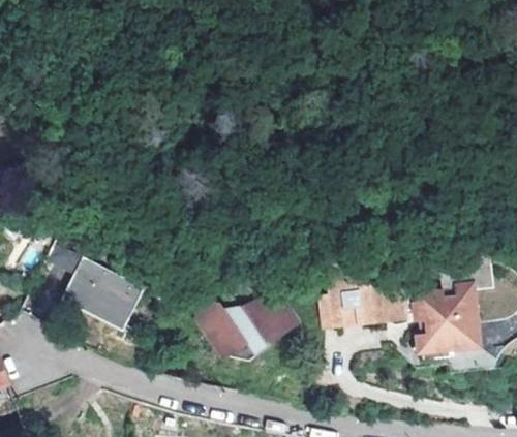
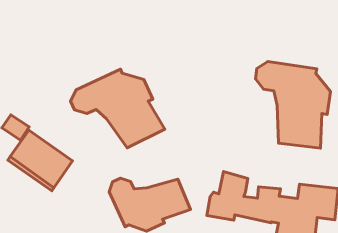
building: none -> [256,62,331,148]
building: none -> [70,69,165,148]

